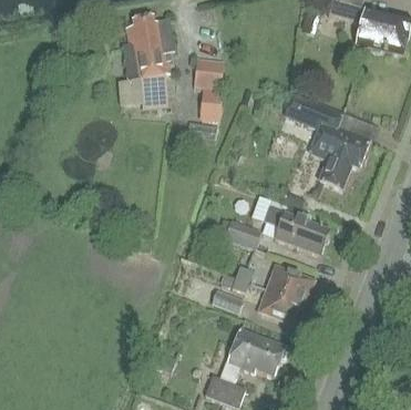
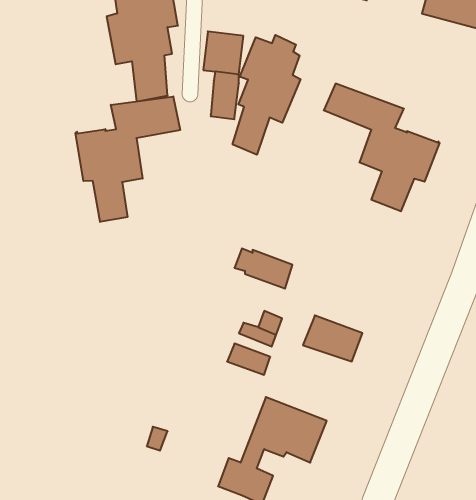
building: none -> [233,35,300,155]
building: none -> [76,96,180,222]
building: [263,205,328,254] -> none
building: [259,288,304,322] -> none

